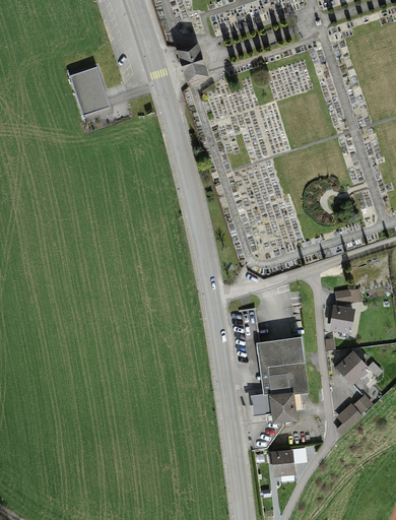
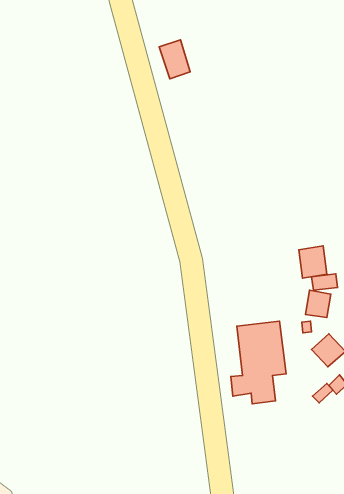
building: [70,66,109,114] -> none
building: none -> [299,246,327,278]
building: [271,449,295,476] -> none

